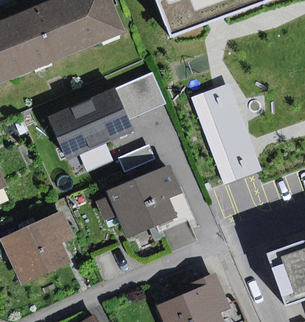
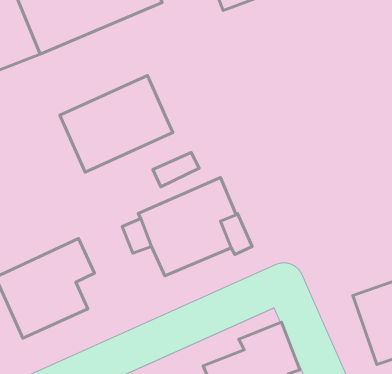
building: [114,71,165,119] -> none
building: [190,82,261,184] -> none

